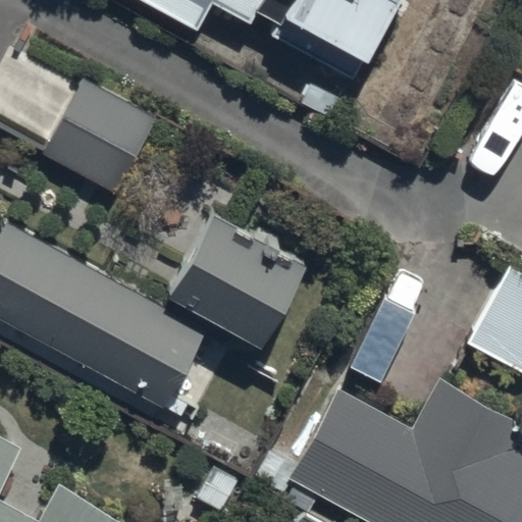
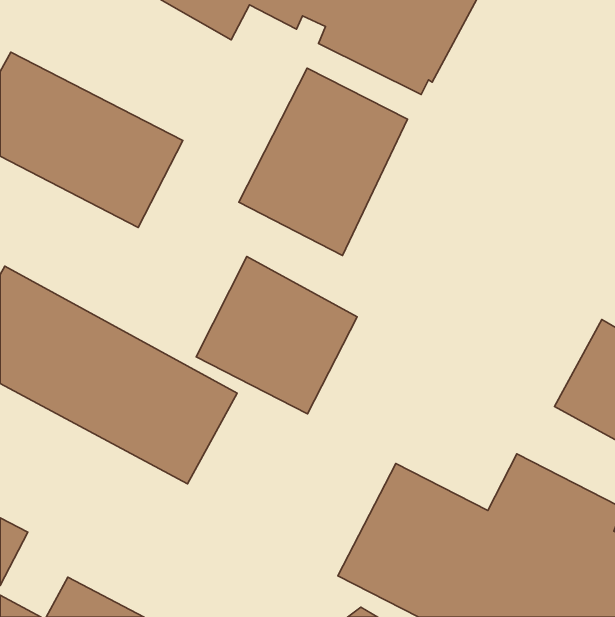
building: none -> [239,68,408,256]

